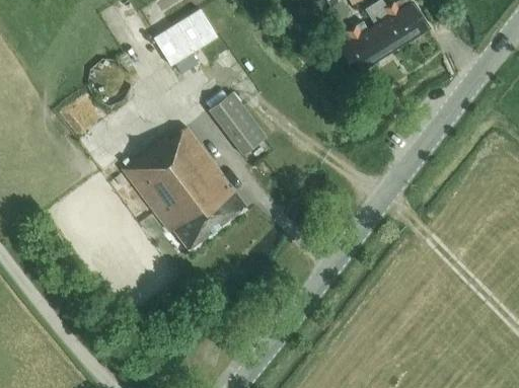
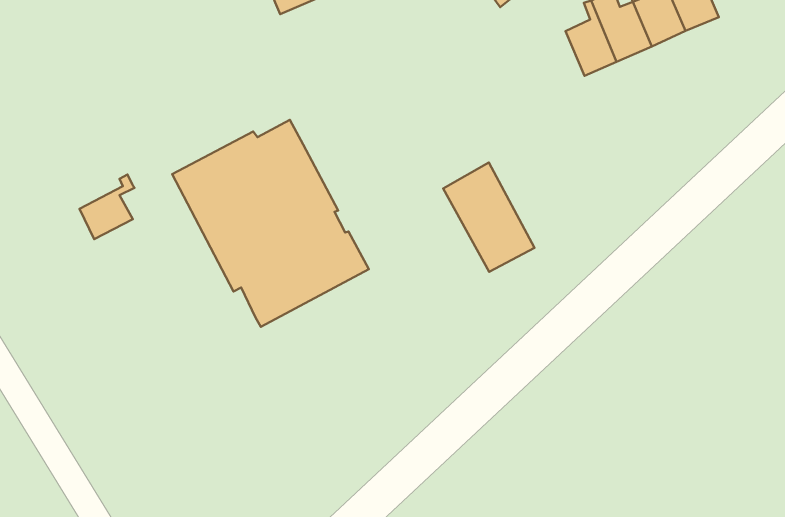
building: [208,91,267,155] -> [443,163,534,272]
building: none -> [79,175,134,239]

